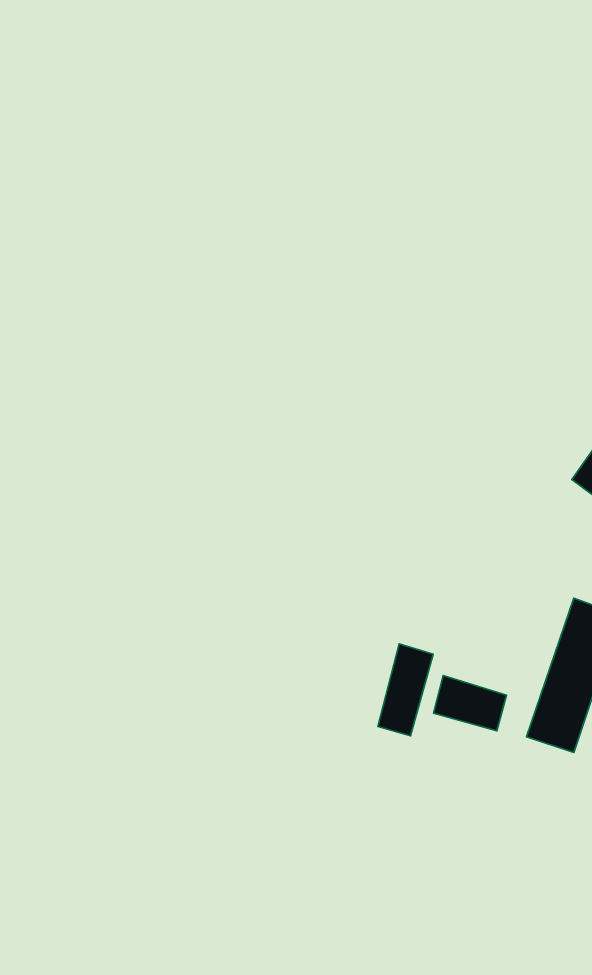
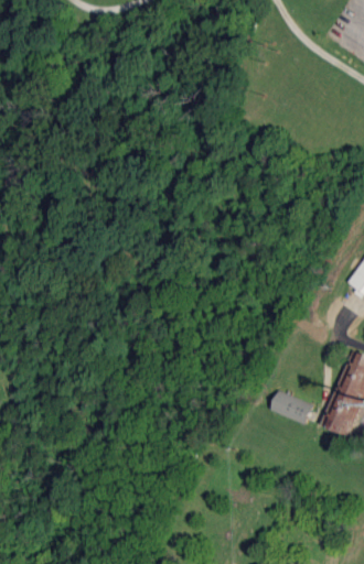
building: [378,644,433,736] -> none

